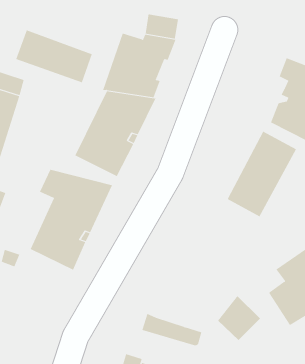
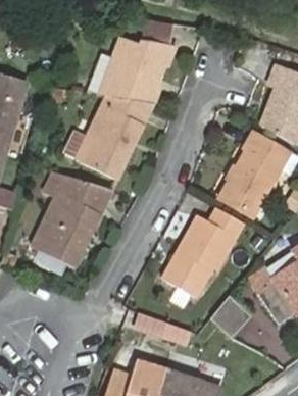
building: [15,30,93,83] -> none
building: none -> [161,209,242,300]

